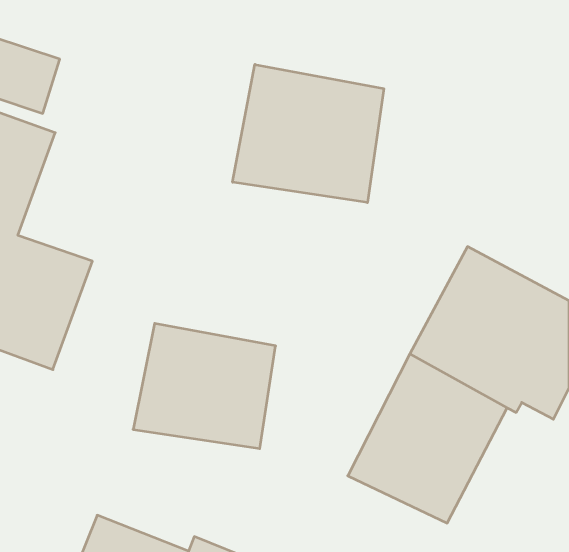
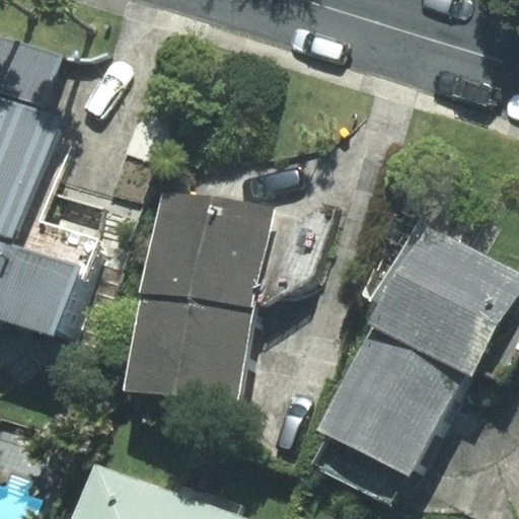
building: [233,64,384,203] -> none
building: none -> [143,196,321,313]

